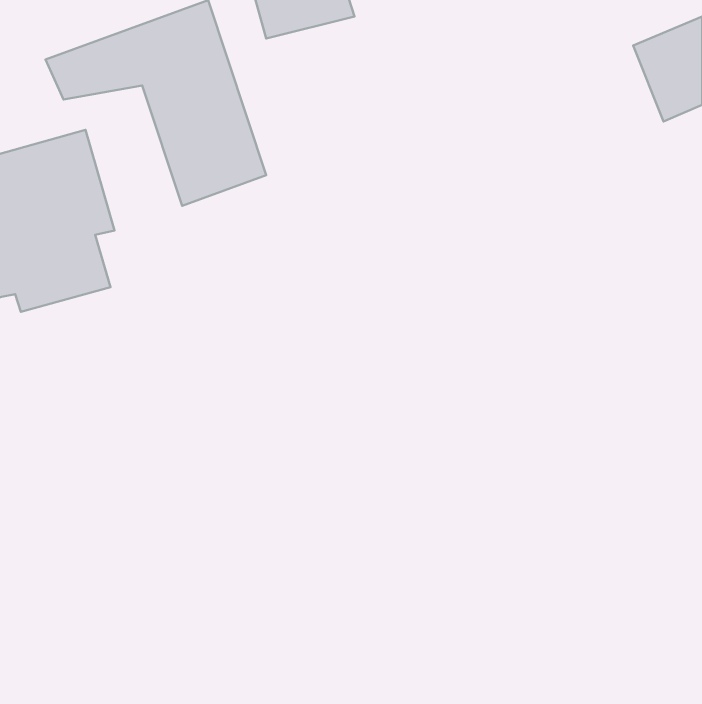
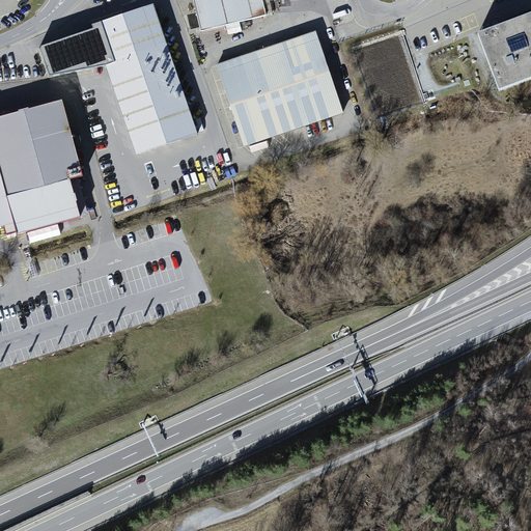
building: none -> [213,30,339,145]

